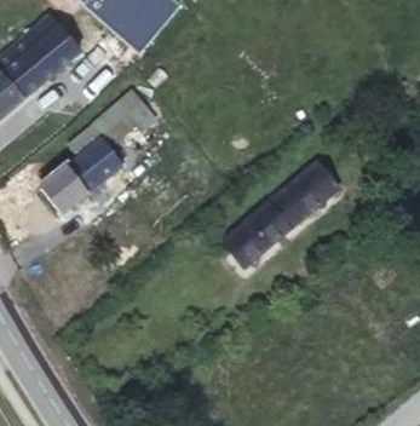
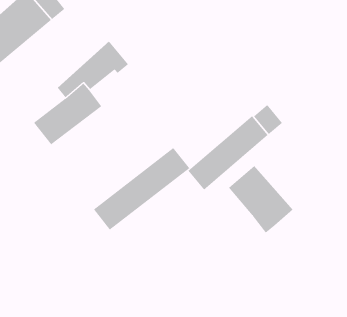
building: none -> [93,147,190,231]
building: none -> [228,165,294,233]

